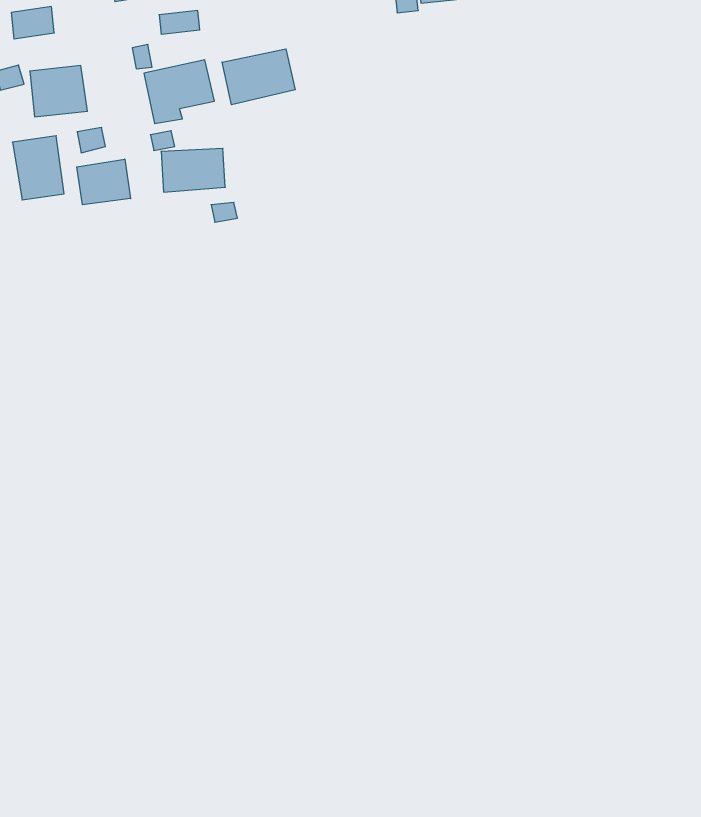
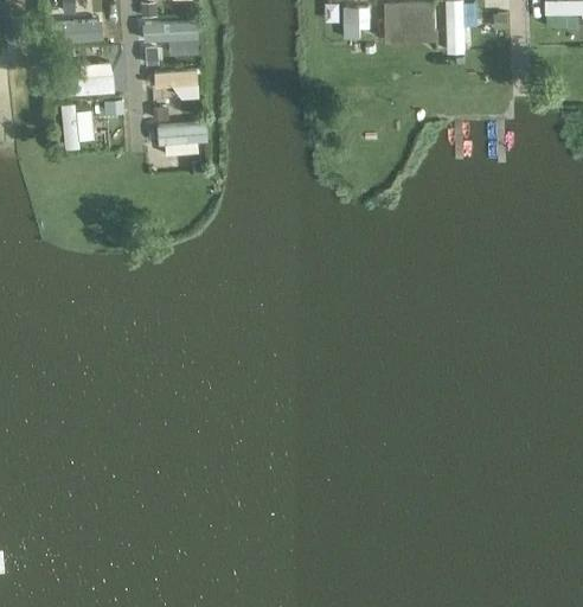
building: [222,49,295,105] -> none
building: [77,159,131,205] -> none

